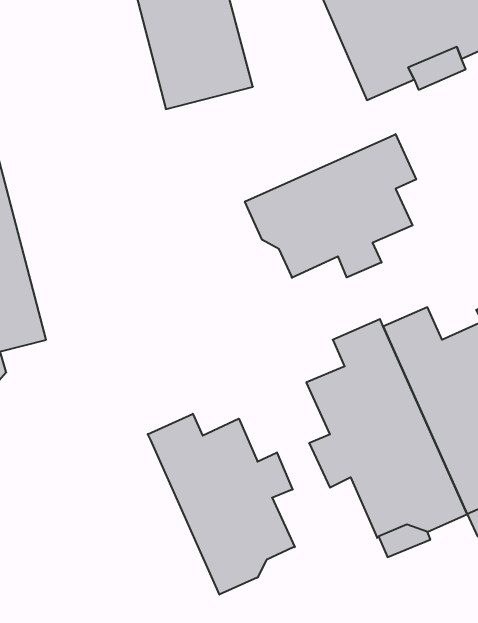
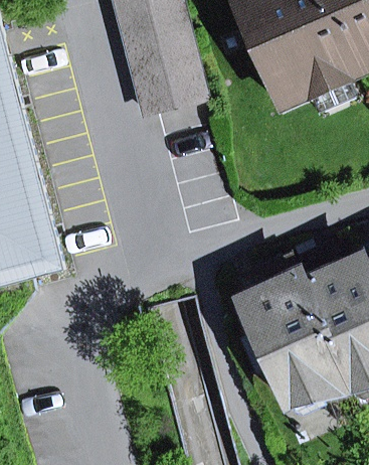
building: [245,134,416,278] -> none
building: [148,414,295,595] -> none

